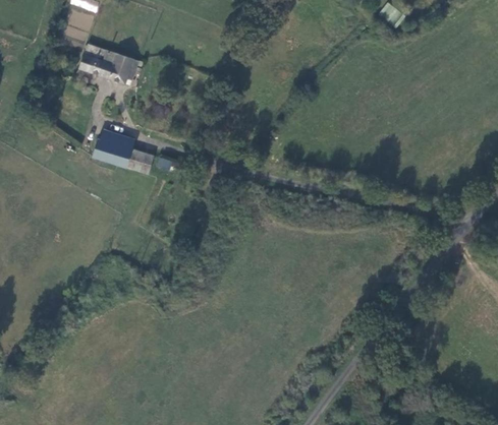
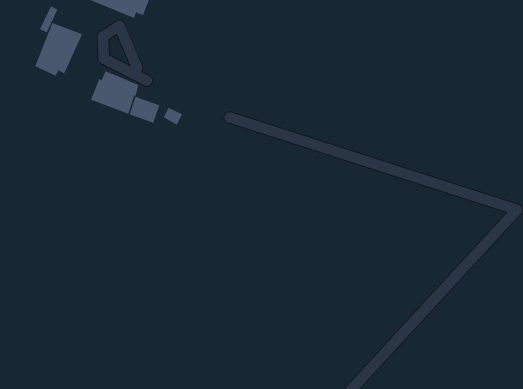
building: none -> [35,22,83,76]

